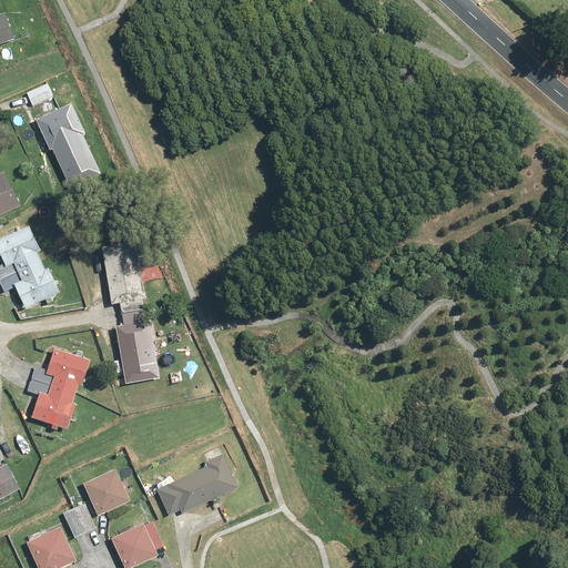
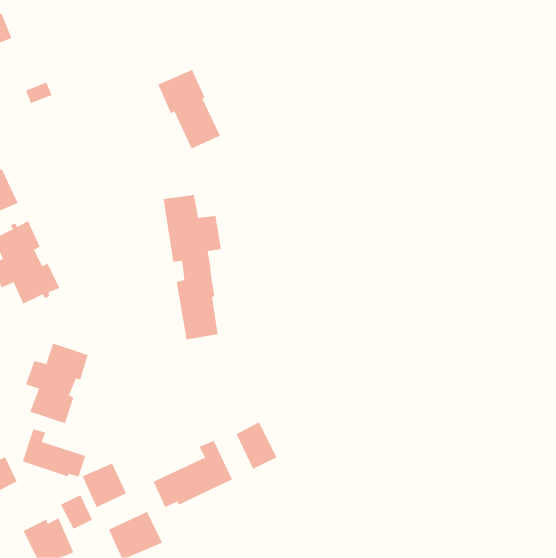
building: [34,105,99,186] -> [157,69,221,149]
building: [101,237,161,385] -> [163,195,222,340]
building: none -> [236,421,277,470]
building: none -> [22,429,86,477]

